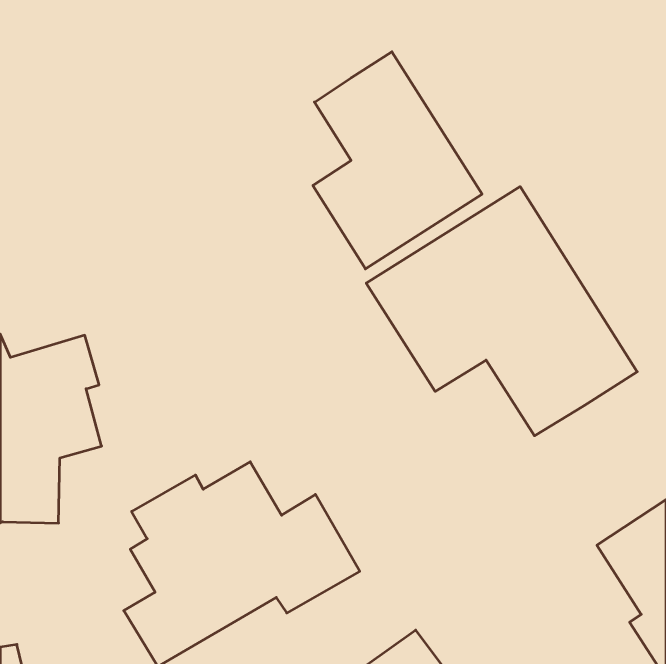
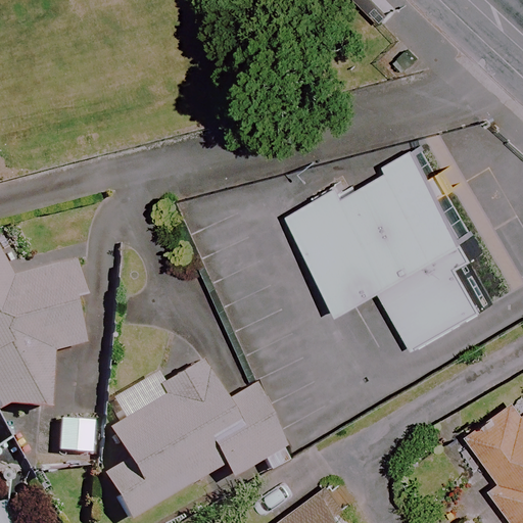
building: [313,52,482,269] -> none

